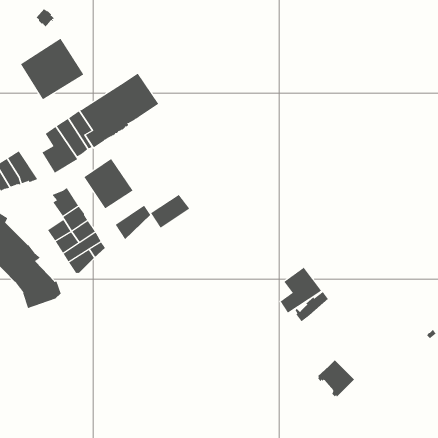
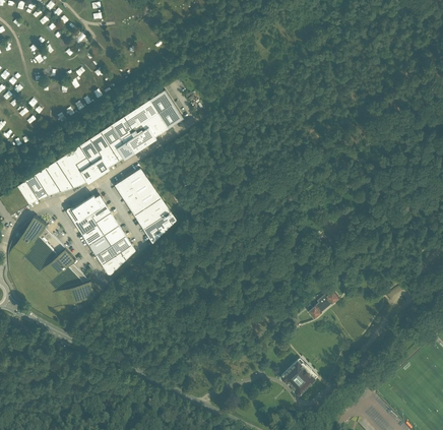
building: [20,38,84,100] -> none
building: none -> [56,145,87,187]
building: [150,194,190,229] -> [134,197,171,229]
building: none -> [66,201,97,234]
building: [280,266,322,313] -> none
building: [317,359,355,397] -> [281,360,316,394]

